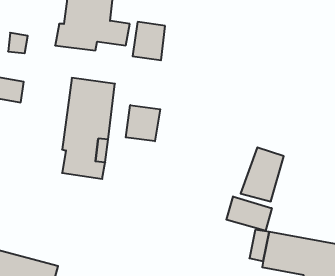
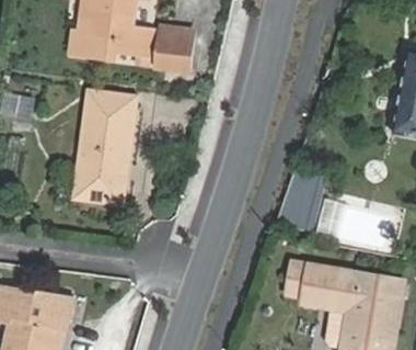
building: [126,105,160,141] -> none
building: [226,196,272,231] -> none

